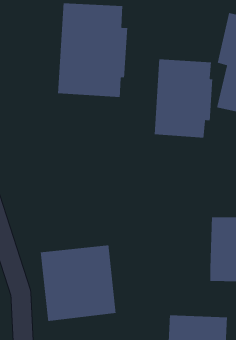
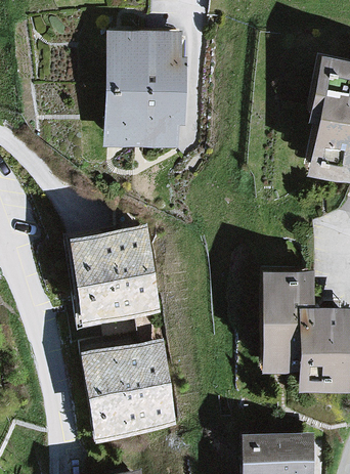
building: [154,59,213,139] -> none
building: none -> [71,224,160,328]
building: none -> [255,269,312,371]

